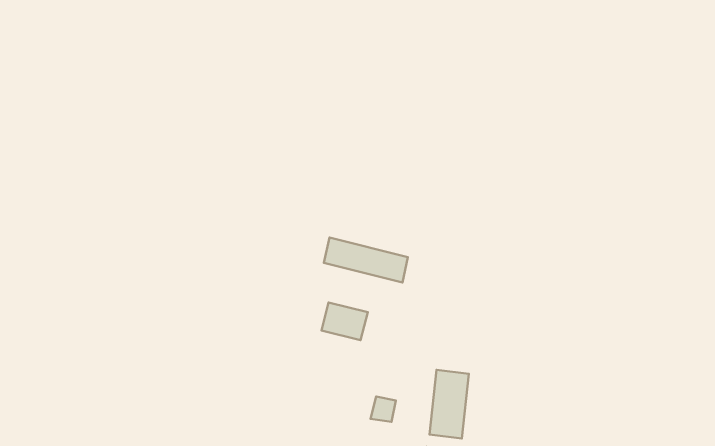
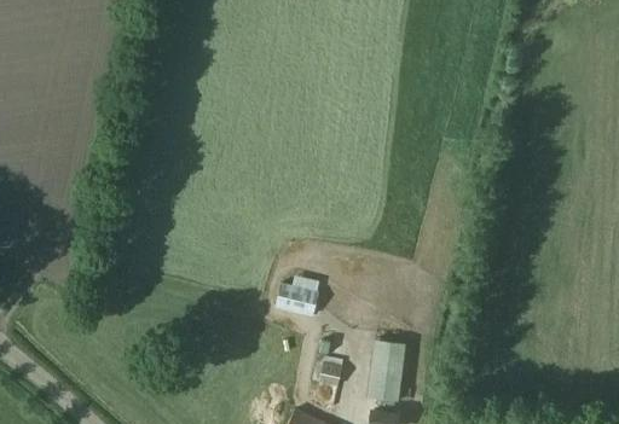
building: [324,238,408,282] -> none

